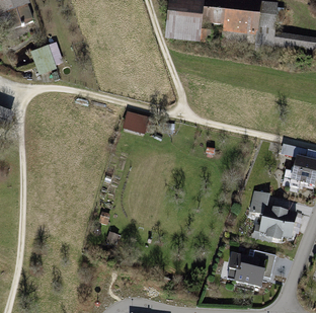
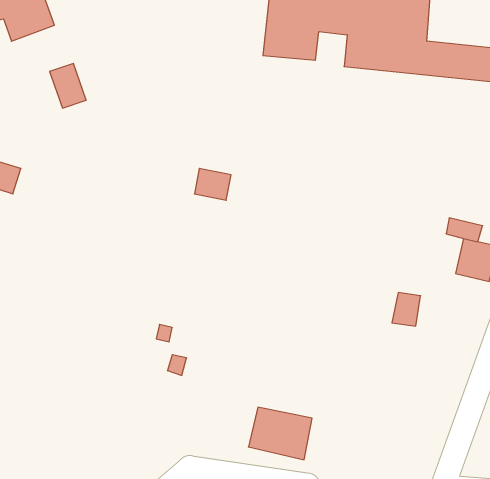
building: [262,207,300,239] -> none
building: [226,252,266,286] -> [248,407,312,460]

